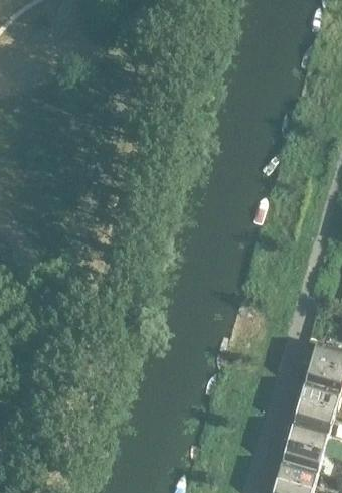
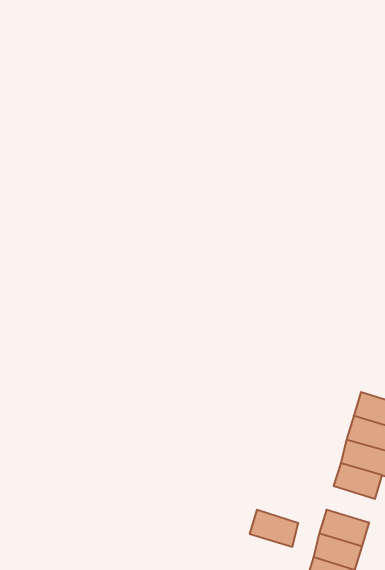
building: [288,421,329,452] -> [250,510,298,547]

